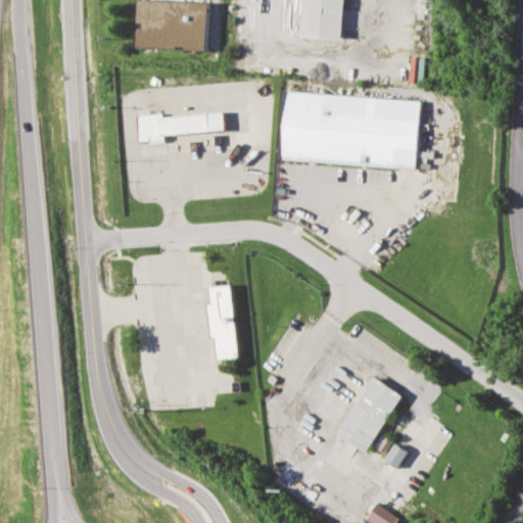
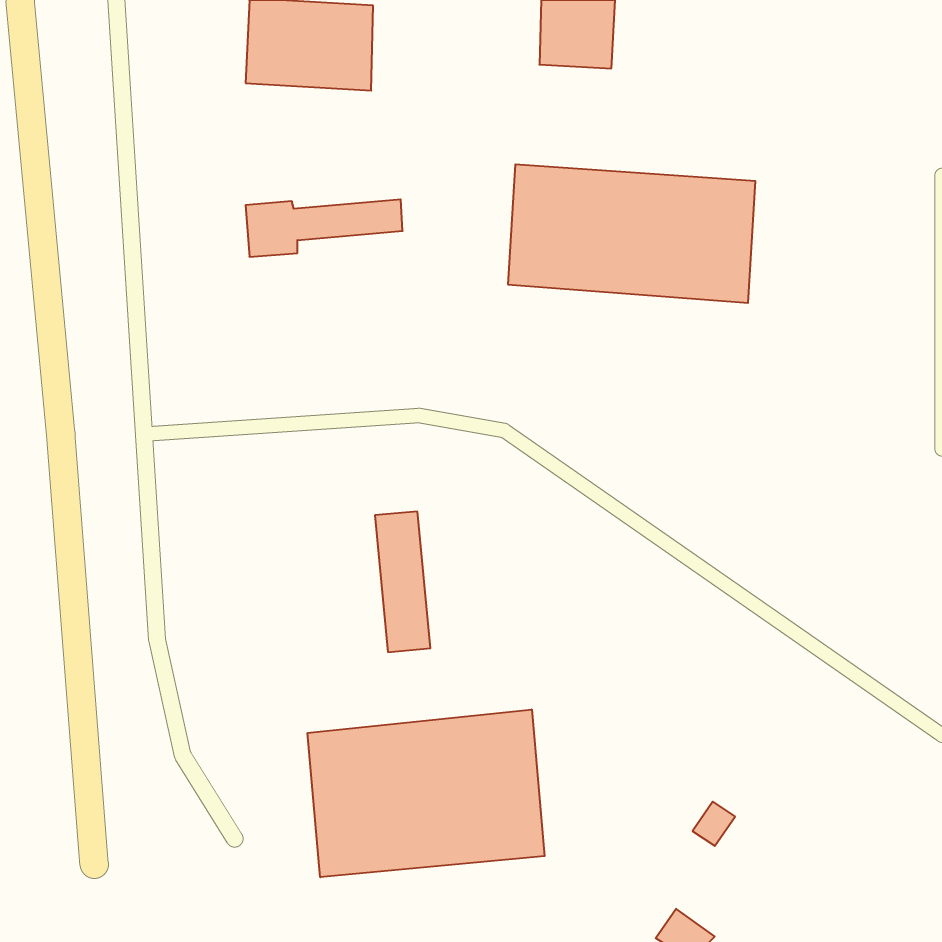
building: [331,376,400,454] -> none
building: none -> [308,709,545,877]

